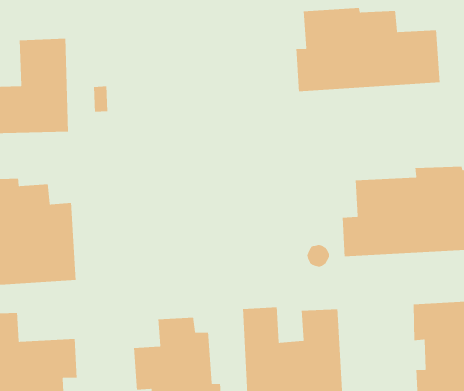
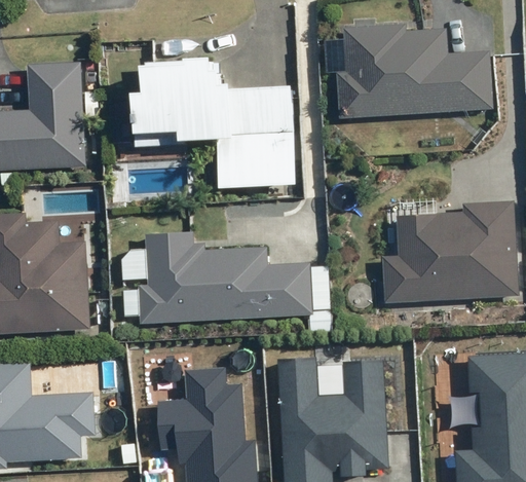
building: none -> [139,59,302,189]
building: none -> [142,236,308,324]

